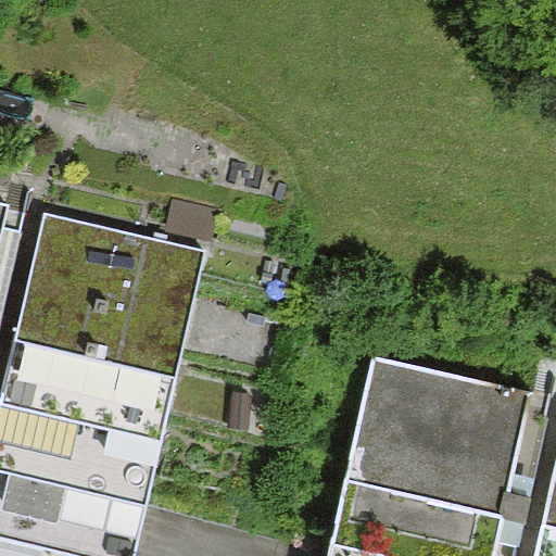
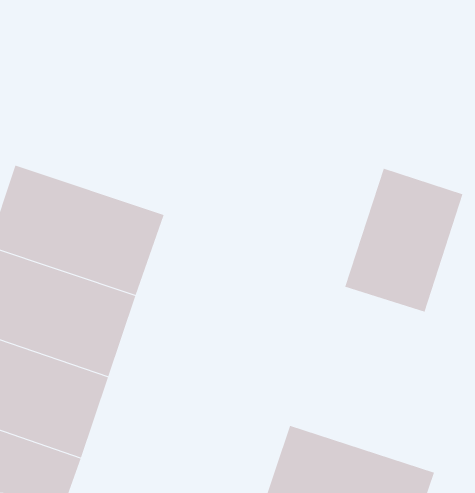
building: none -> [344,168,463,312]
building: [351,356,526,486] -> none

